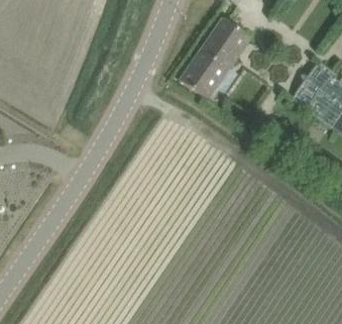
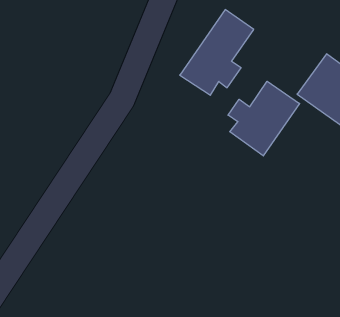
building: none -> [228,81,300,156]

